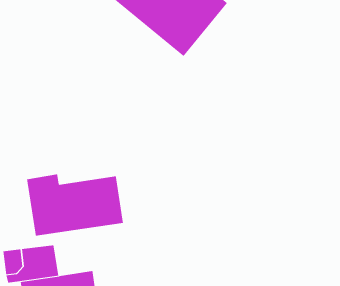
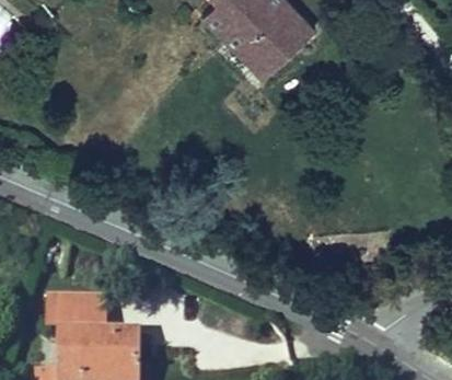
building: [26,174,124,237] -> none

